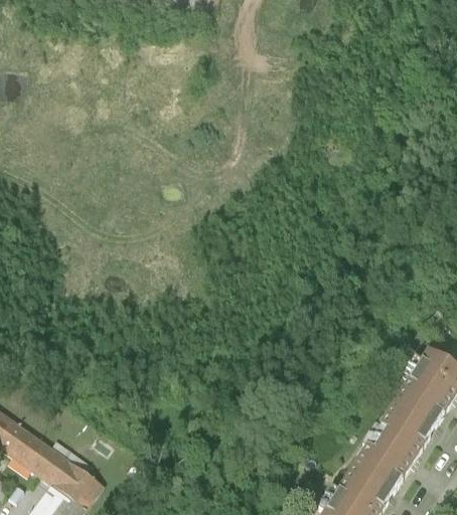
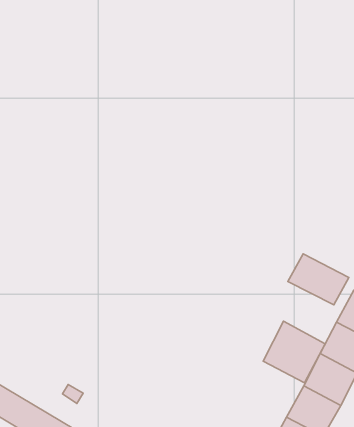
building: none -> [288,254,349,305]
building: none -> [263,321,325,383]

